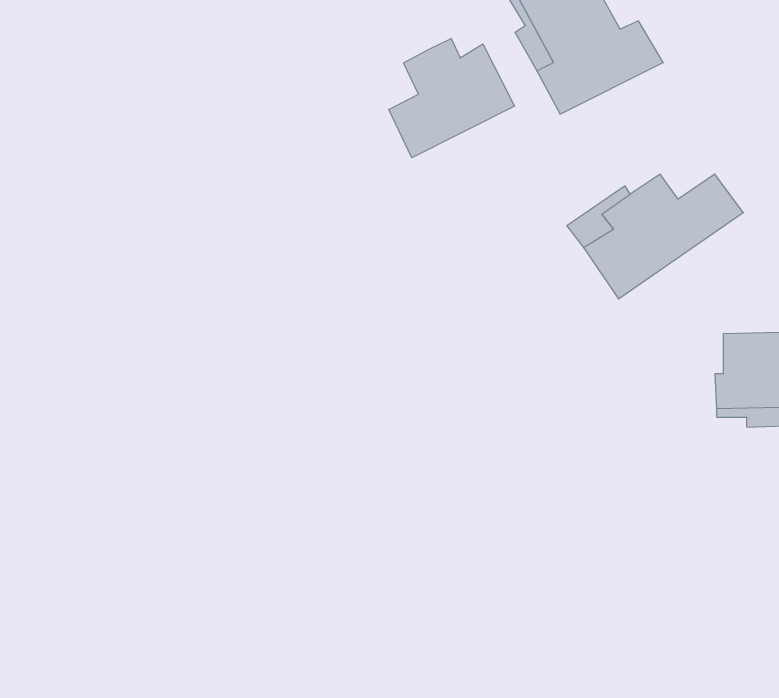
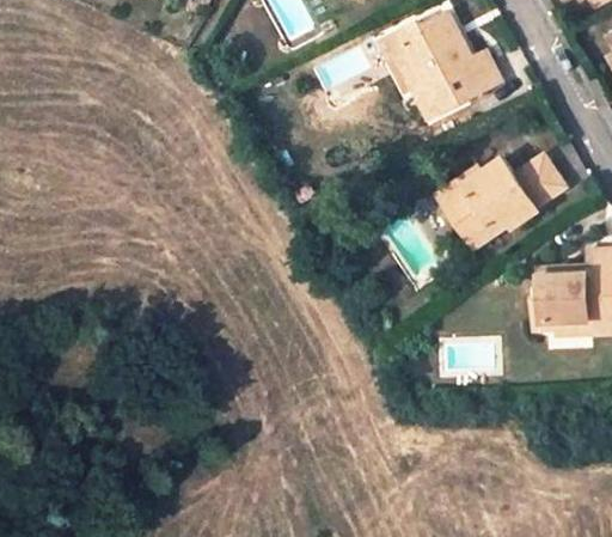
building: [389,38,515,158] -> none

